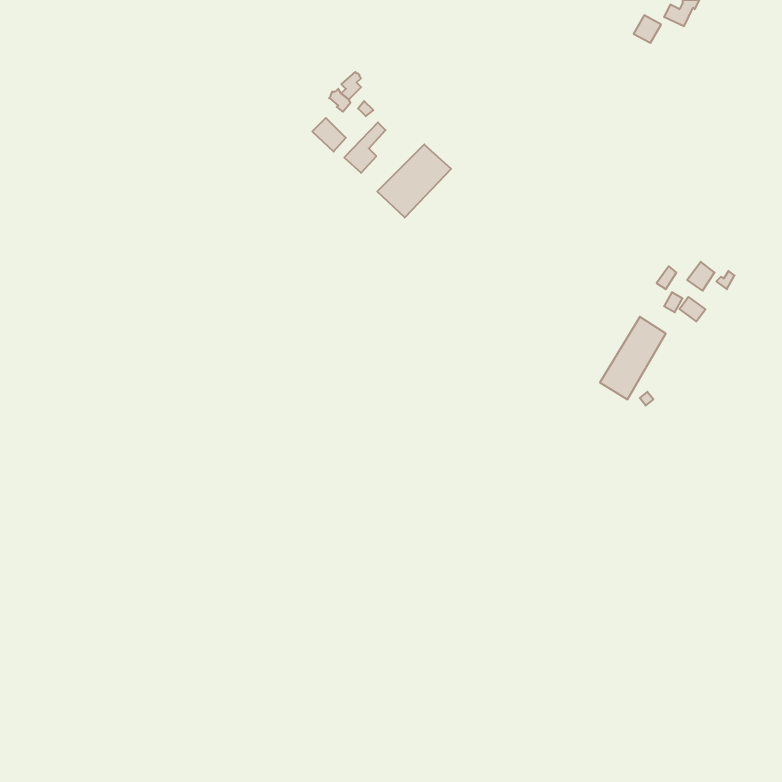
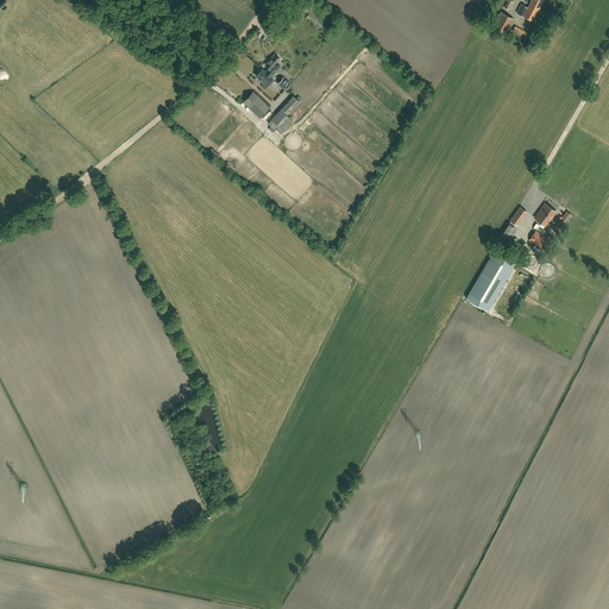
building: [377,144,451,218] -> none

